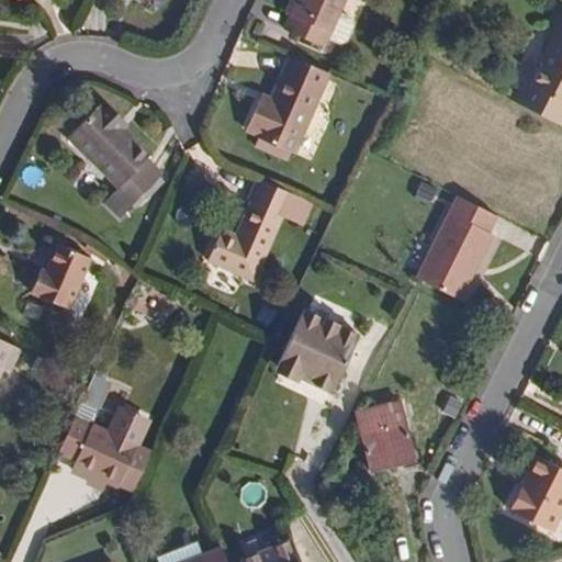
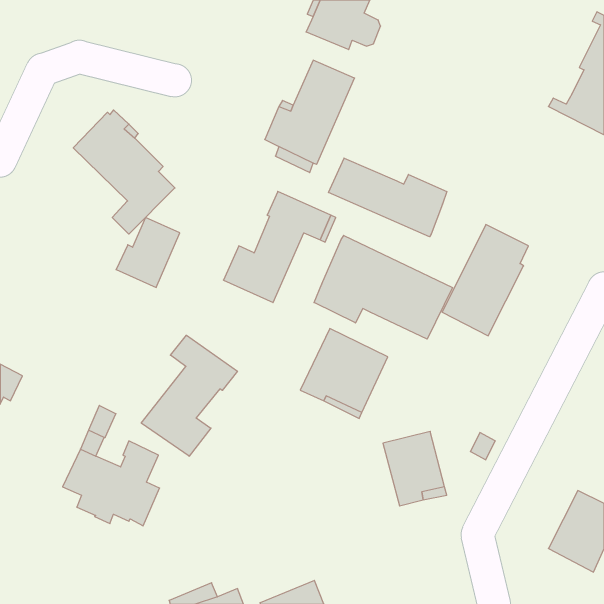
building: none -> [329,158,447,237]
building: none -> [314,235,452,339]
building: [31,244,90,308] -> [116,218,180,287]
building: none -> [141,335,237,456]

